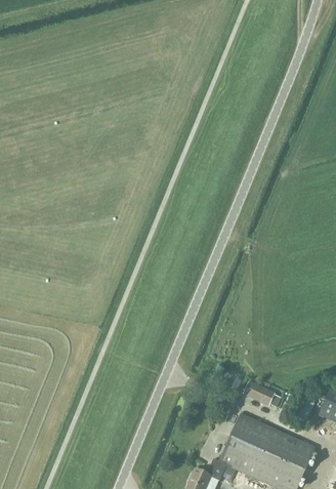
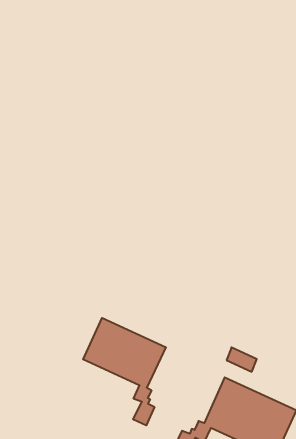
building: none -> [83,318,166,425]

